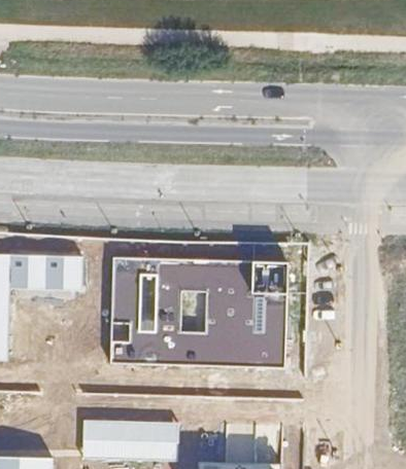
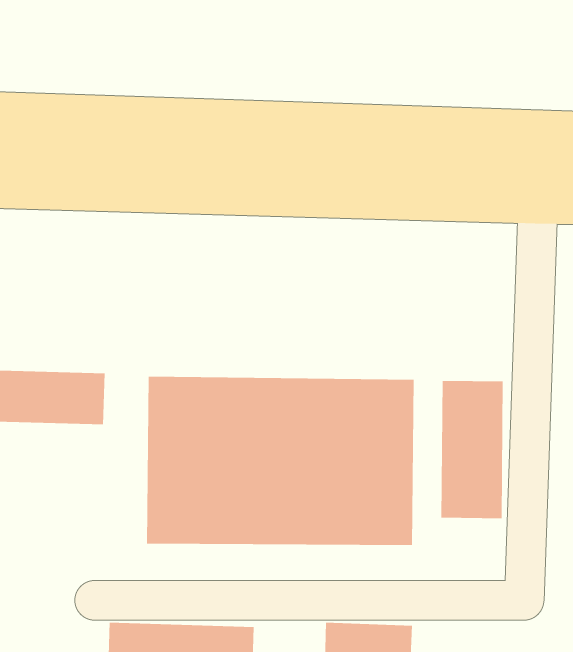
building: none -> [441,380,503,519]

